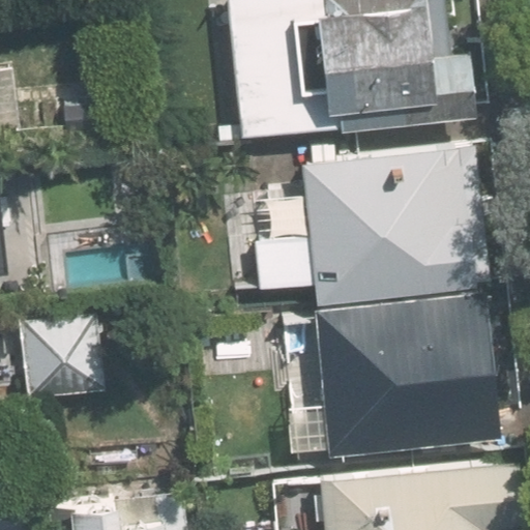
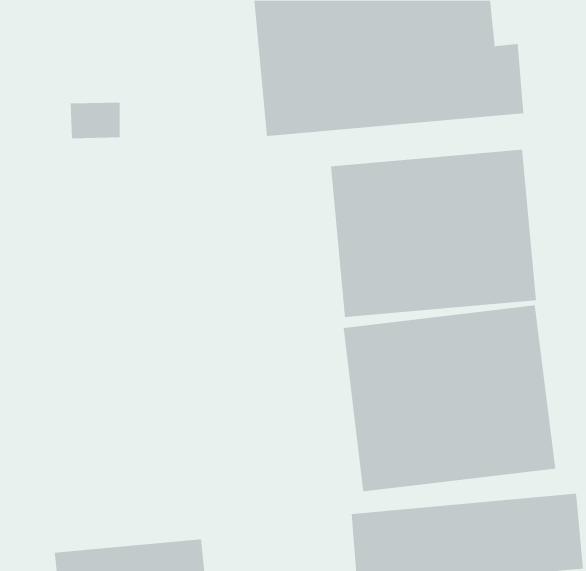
building: [20,316,105,401] -> none

